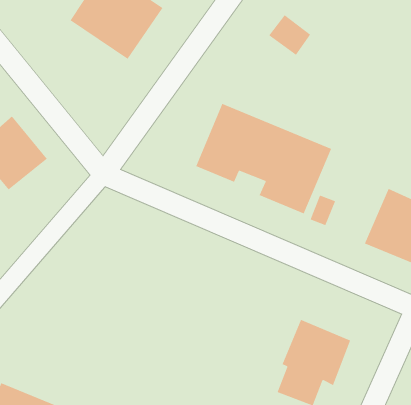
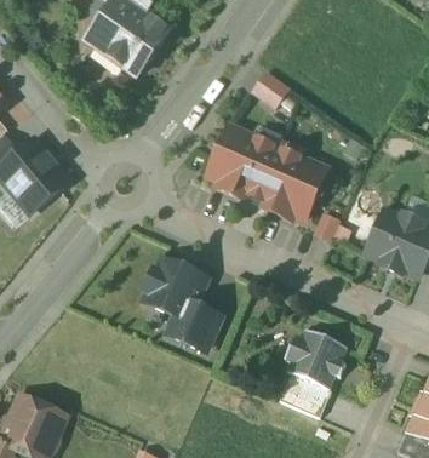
building: [268,14,311,56] -> [251,70,292,110]
building: none -> [142,256,227,357]

